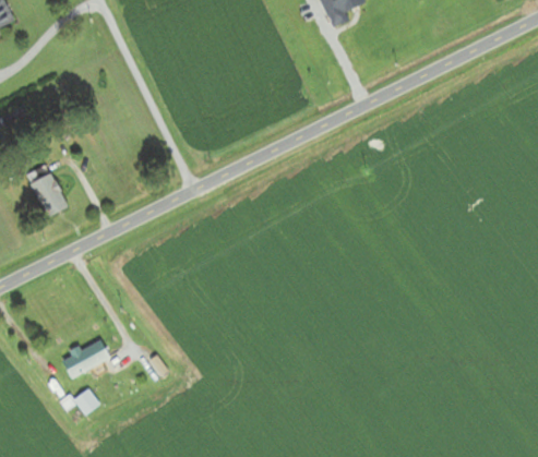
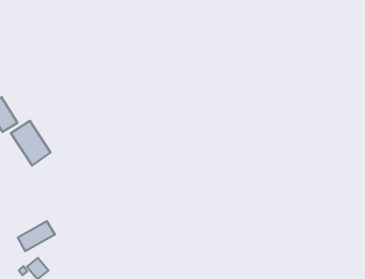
building: none -> [11,121,51,166]

